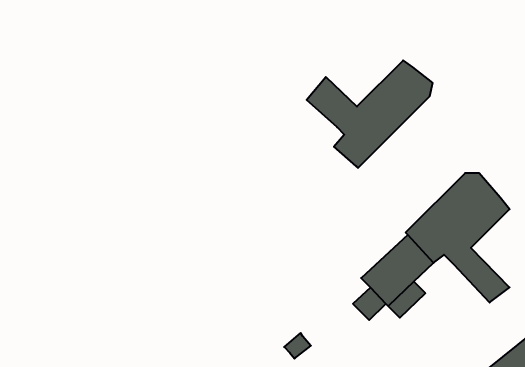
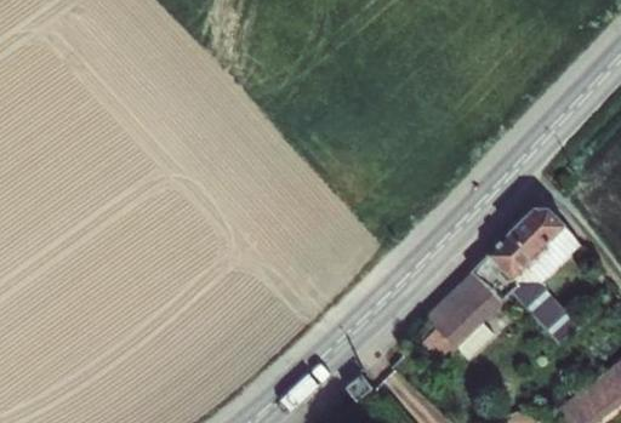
building: [307,60,432,168] -> none

